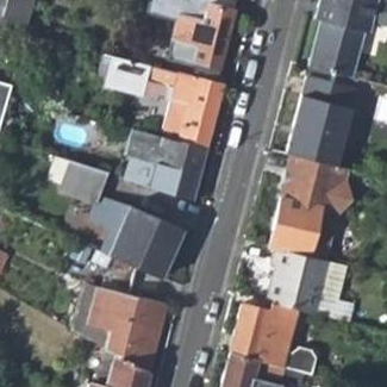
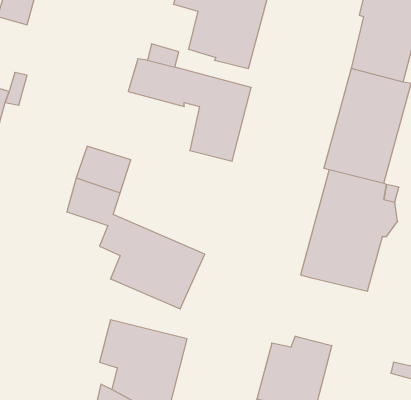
building: [127,130,206,201] -> none
building: [264,250,327,316] -> none

